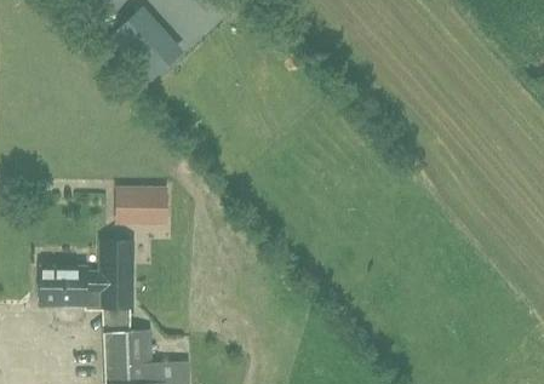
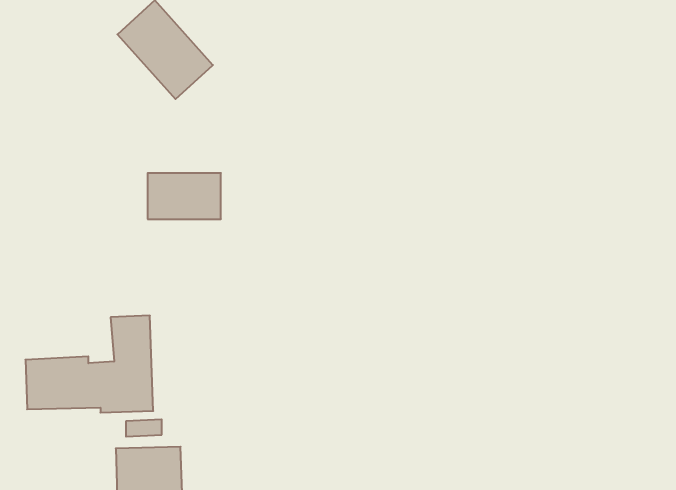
building: [119,187,171,219] -> [148,173,221,219]

